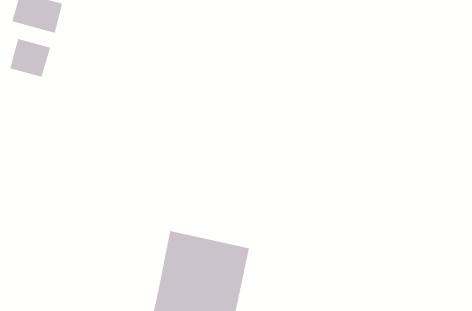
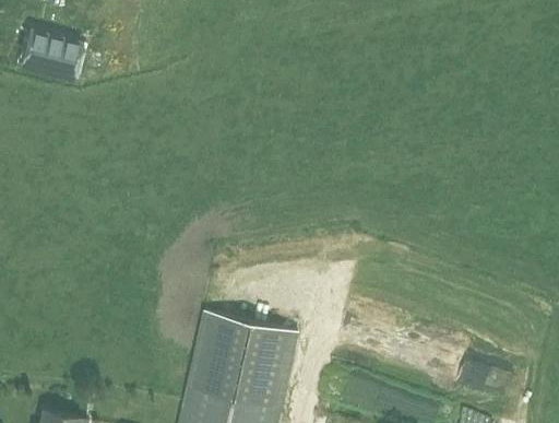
building: [9,38,51,77] -> none

